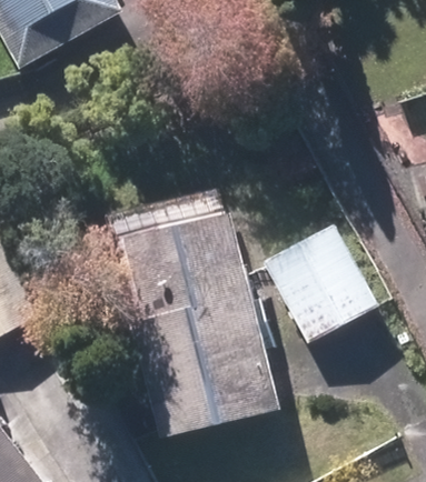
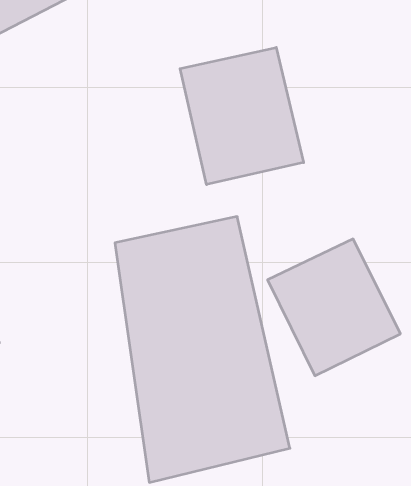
building: none -> [180,47,304,185]

